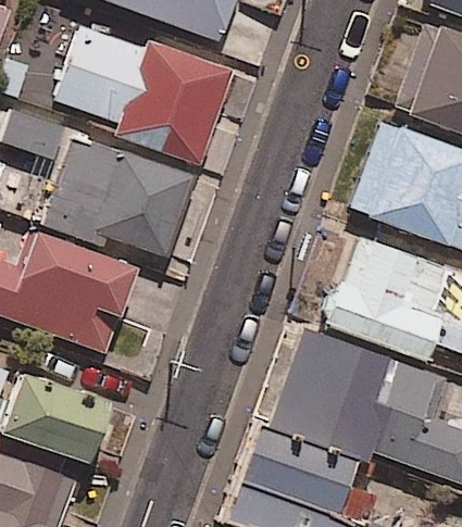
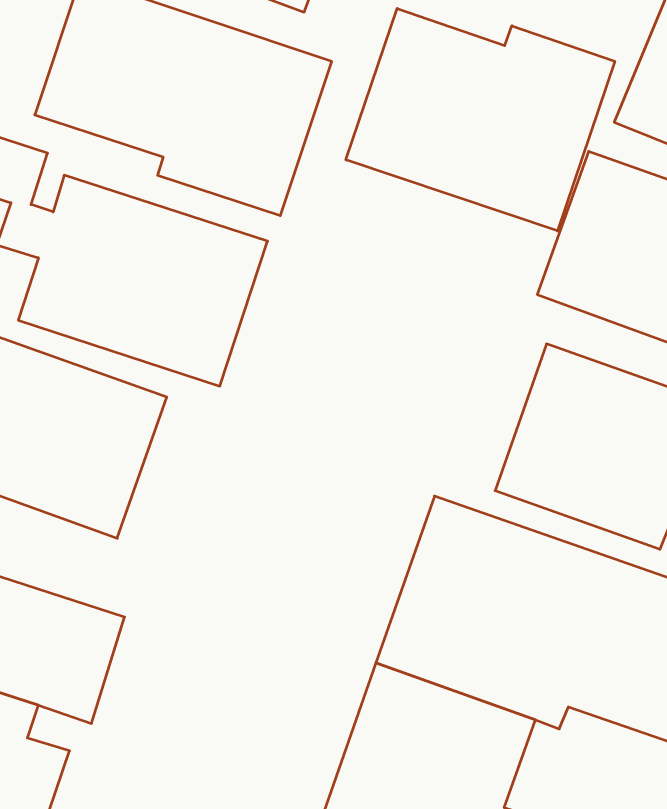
building: none -> [346,8,615,231]

